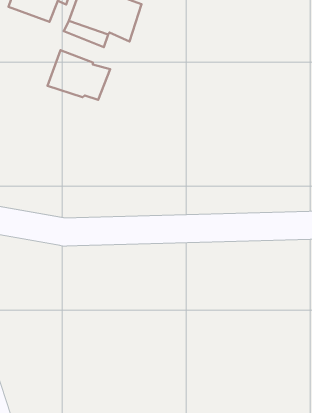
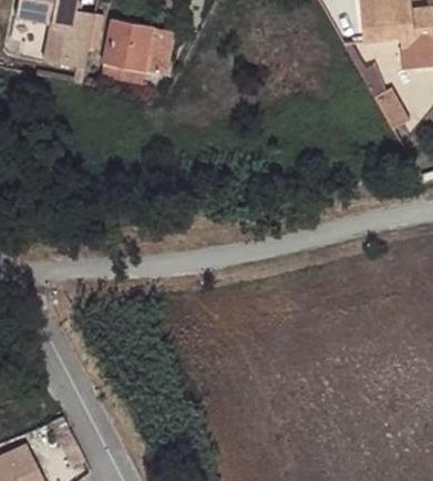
building: [48,50,110,100] -> none

